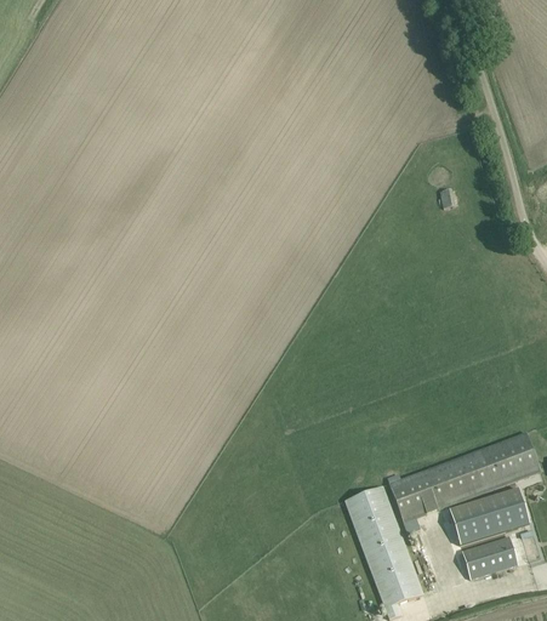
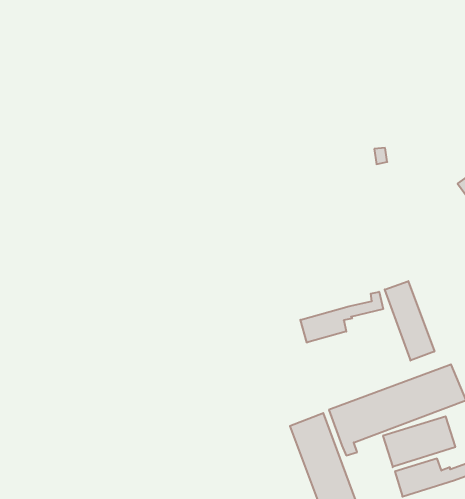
building: none -> [385,281,434,361]
building: none -> [300,292,383,343]

